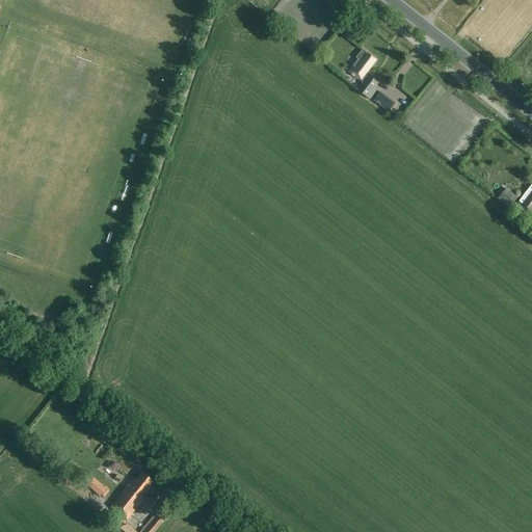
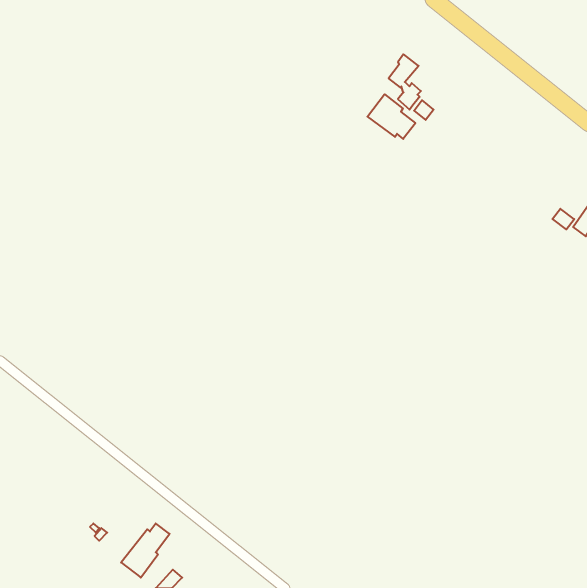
building: none -> [367,94,415,139]

